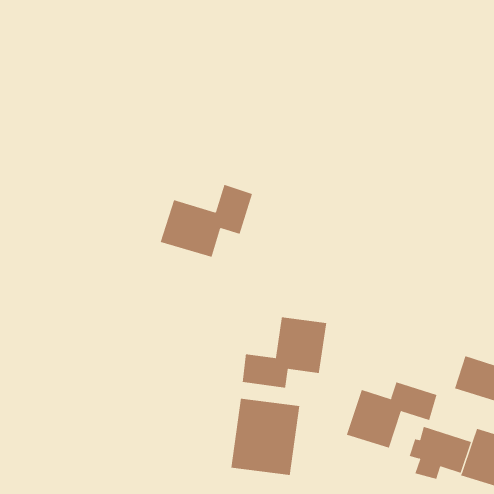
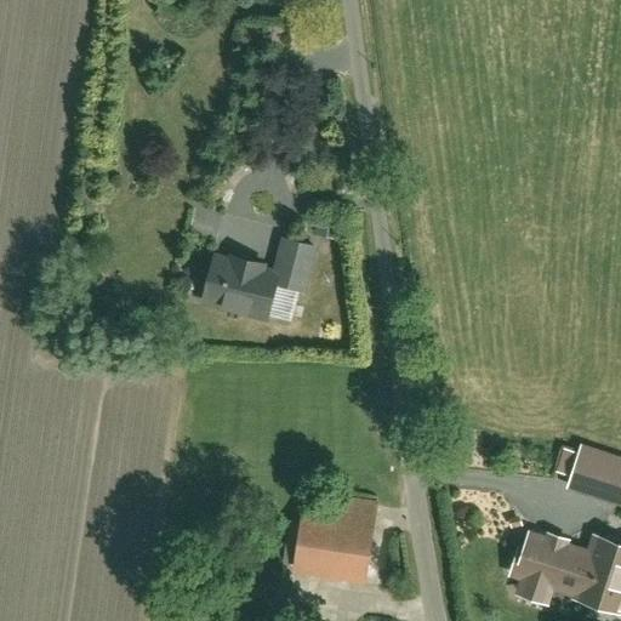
building: [242,317,327,389] -> none
building: [346,381,437,448] -> none

